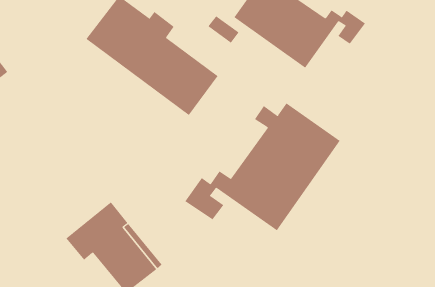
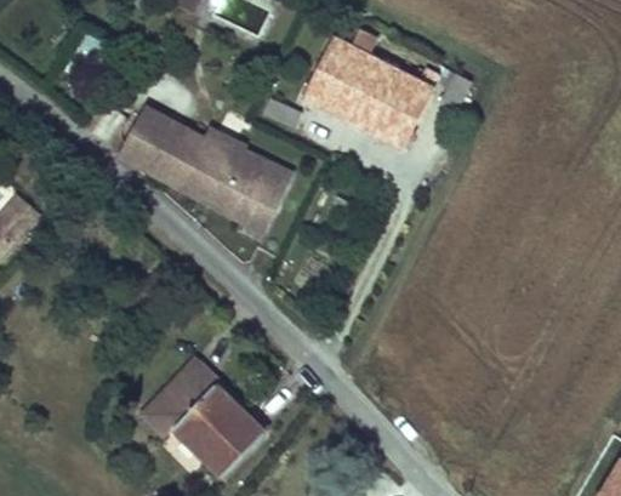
building: [184,102,340,231] -> none

